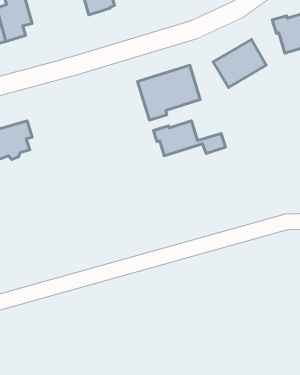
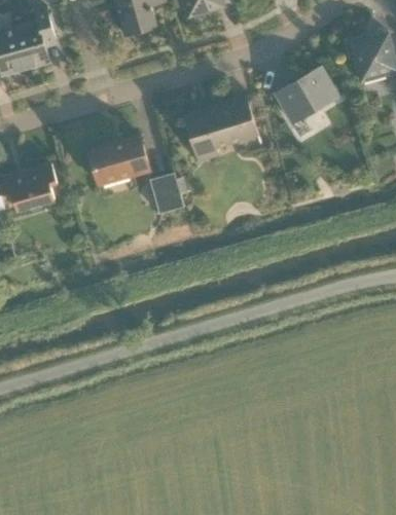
building: none -> [87,134,149,185]
building: [153,121,226,156] -> none
building: none -> [148,170,186,214]

